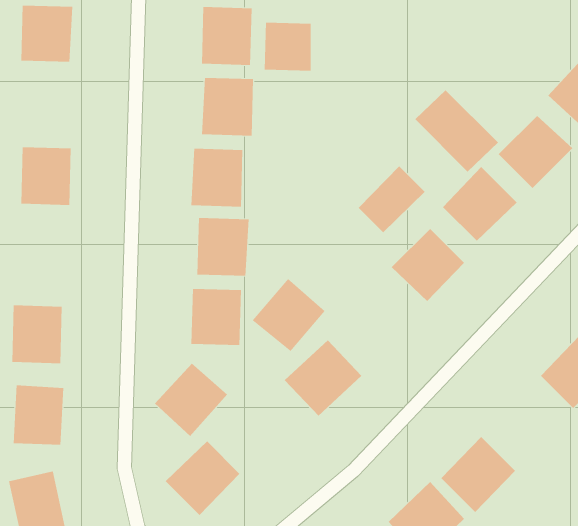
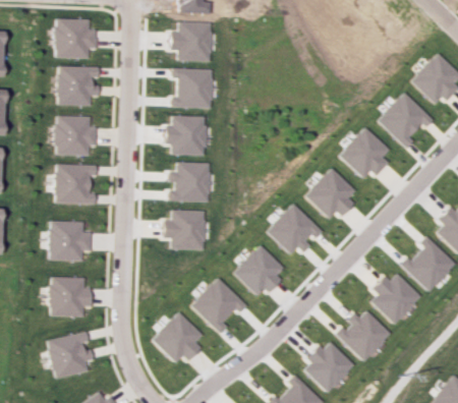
building: [264,22,311,72] -> none
building: none -> [58,66,94,106]
building: [414,89,499,172] -> none
building: [358,165,425,233] -> none
building: none -> [56,165,92,205]
building: [252,278,326,352] -> [267,204,317,253]
building: [154,363,228,437] -> [191,278,241,328]
building: none -> [371,273,422,325]

